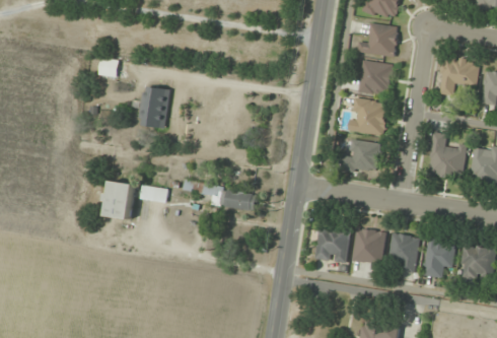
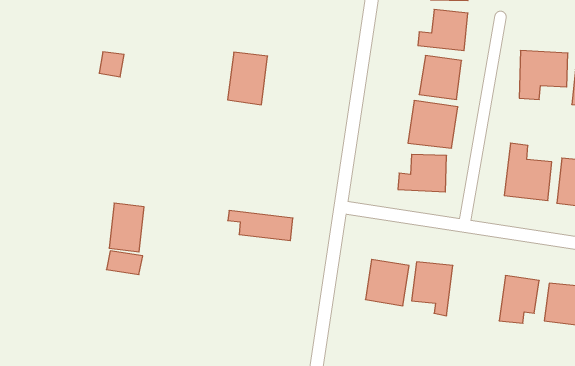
building: [138,85,170,128] -> [228,52,268,105]
building: [139,184,168,203] -> [106,251,143,275]
building: [387,231,420,272] -> none

